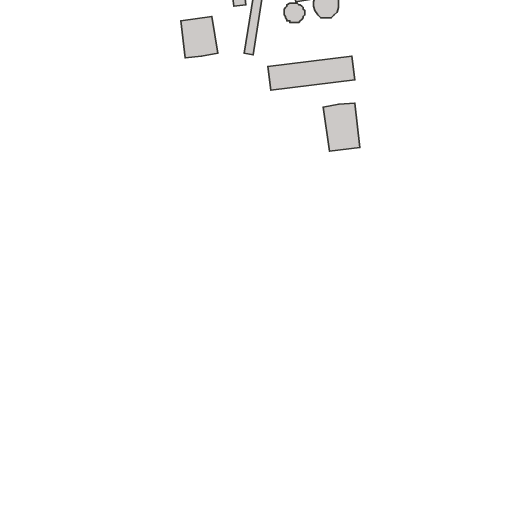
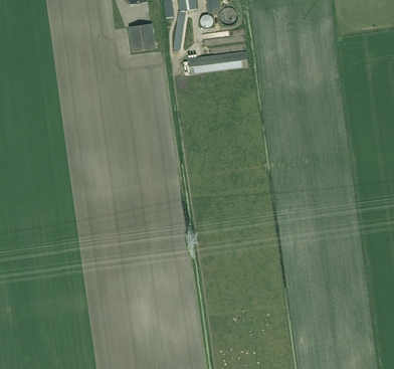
building: [323,103,360,151] -> none

